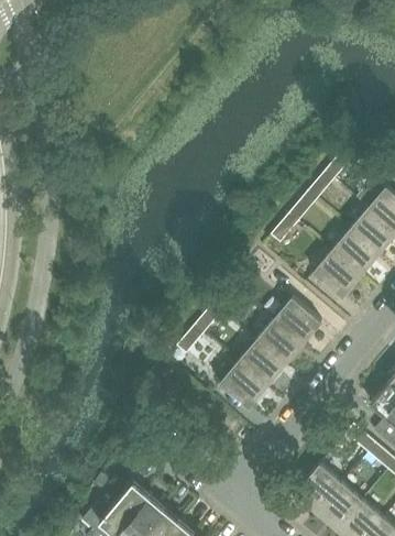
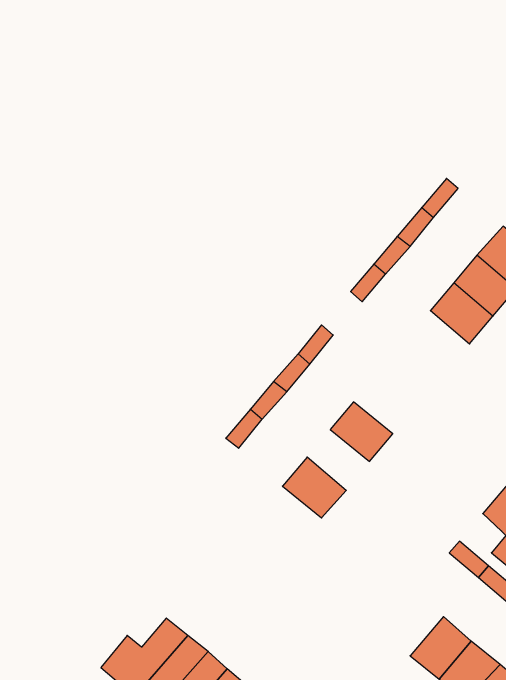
building: [314,250,361,297] -> none
building: [273,297,321,343] -> none
building: [238,340,285,386] -> none
building: [295,464,341,512] -> none

